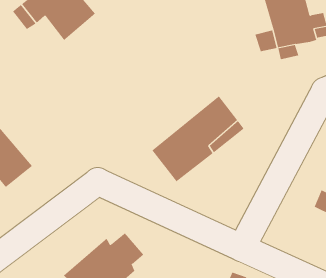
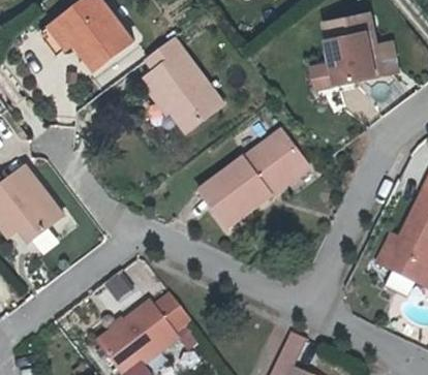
building: none -> [143,40,223,135]

